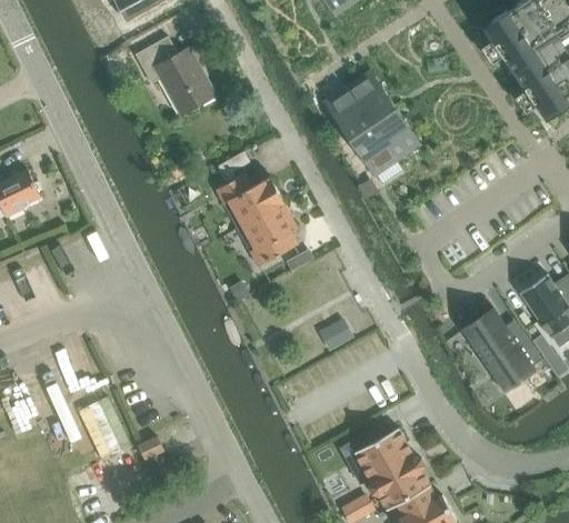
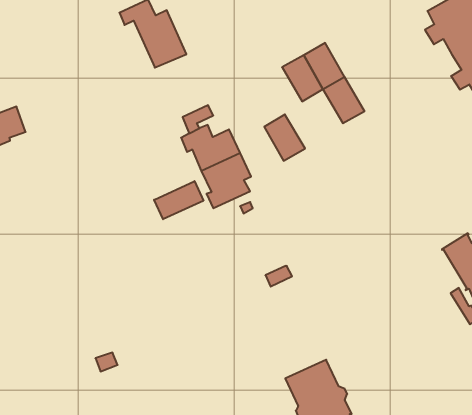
building: [349,123,397,175] -> [264,114,305,161]
building: none -> [154,181,203,219]
building: [463,310,541,390] -> none

